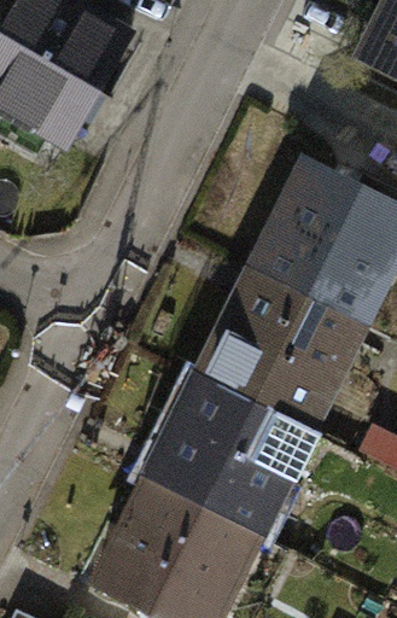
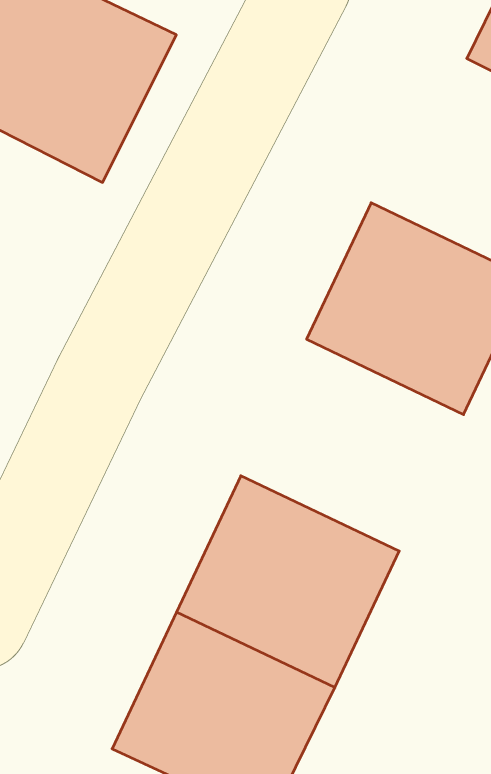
building: [189,273,361,436] -> none

